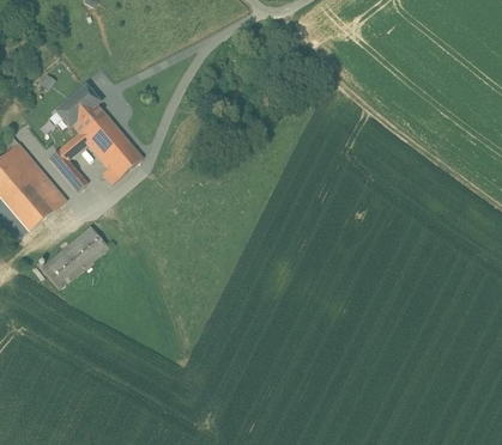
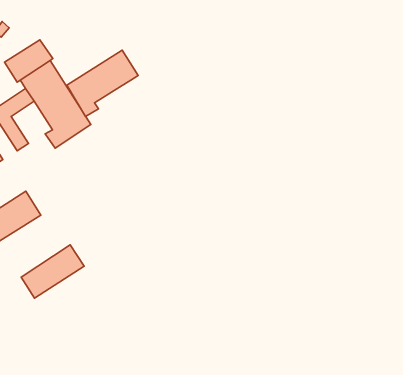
building: none -> [67,50,138,116]
building: none -> [21,245,84,298]

